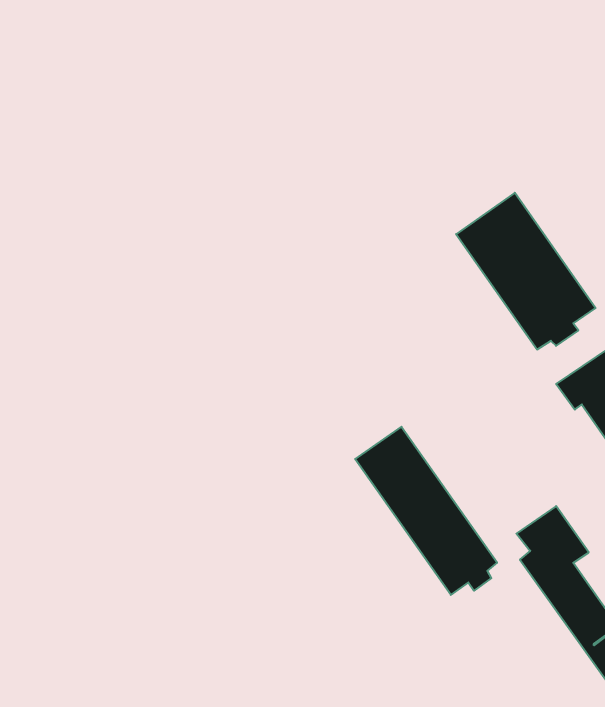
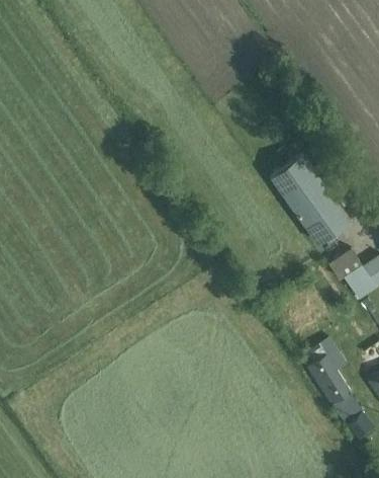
building: [355,427,497,595] -> none

